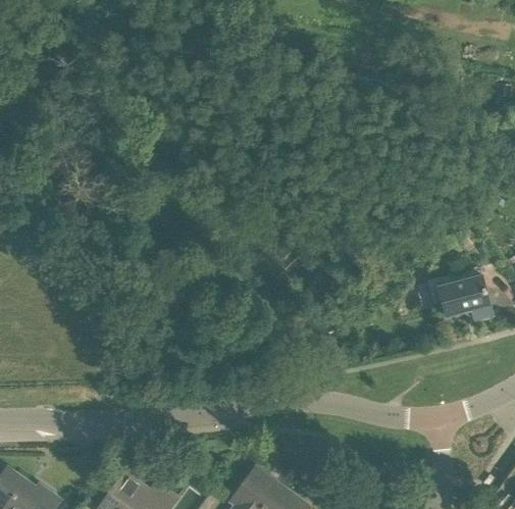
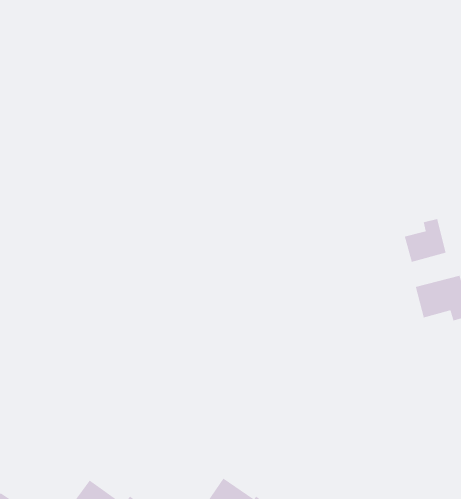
building: none -> [404,218,446,263]

